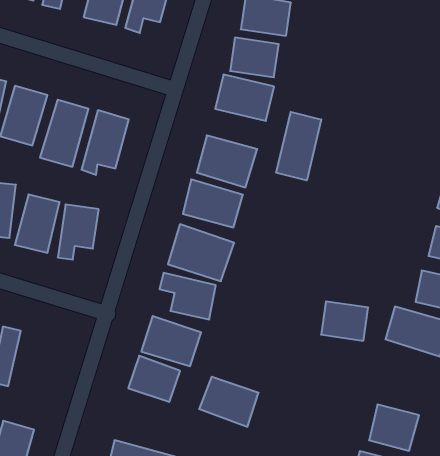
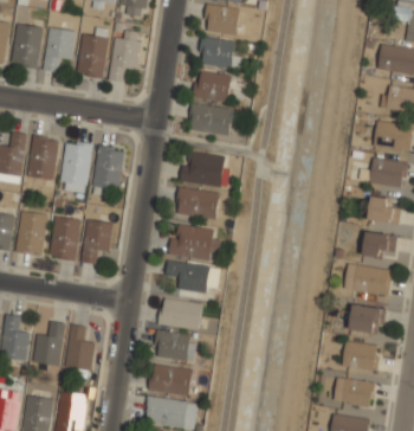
building: [276,112,321,180] -> none
building: [321,301,368,341] -> [350,304,383,330]
building: none -> [65,323,95,371]
building: [199,377,259,427] -> [148,361,192,395]

